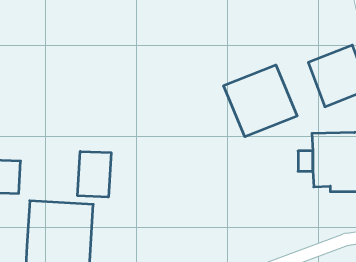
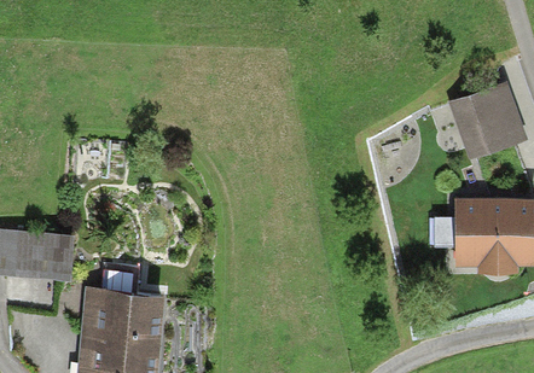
building: [224,65,297,137] -> none
building: [78,151,111,197] -> none

